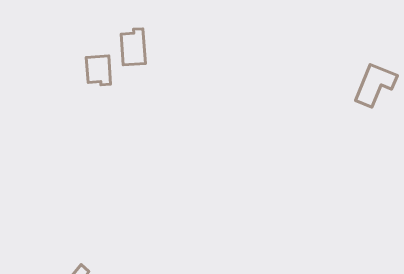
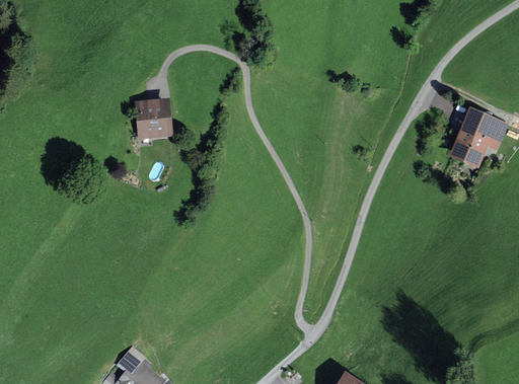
building: [121,29,145,65] -> none

